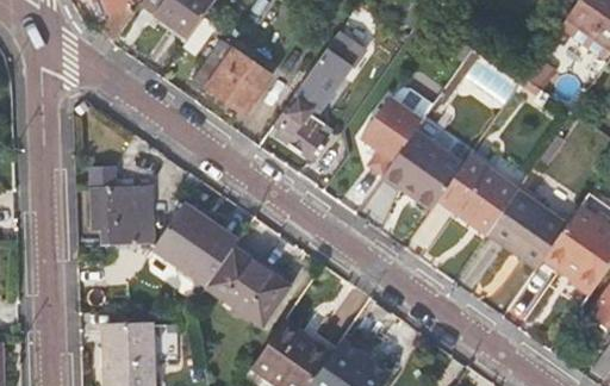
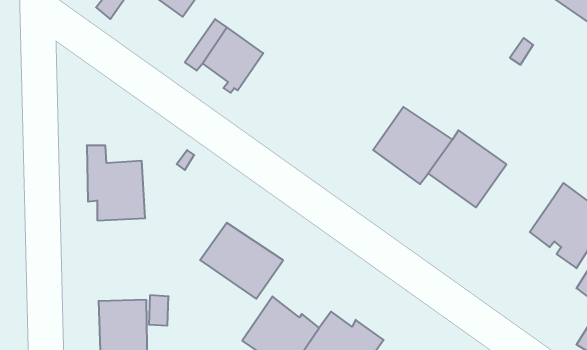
building: [273,31,366,158] -> none
building: [361,93,424,173] -> none
building: [490,187,569,266] -> none
building: [155,201,241,285] -> none

